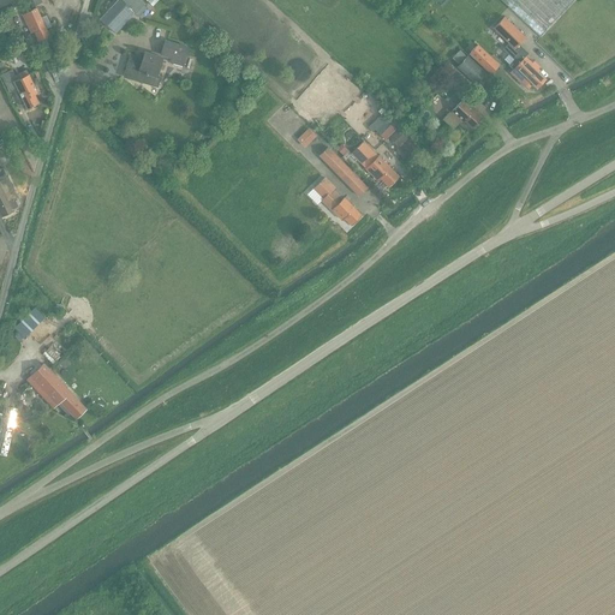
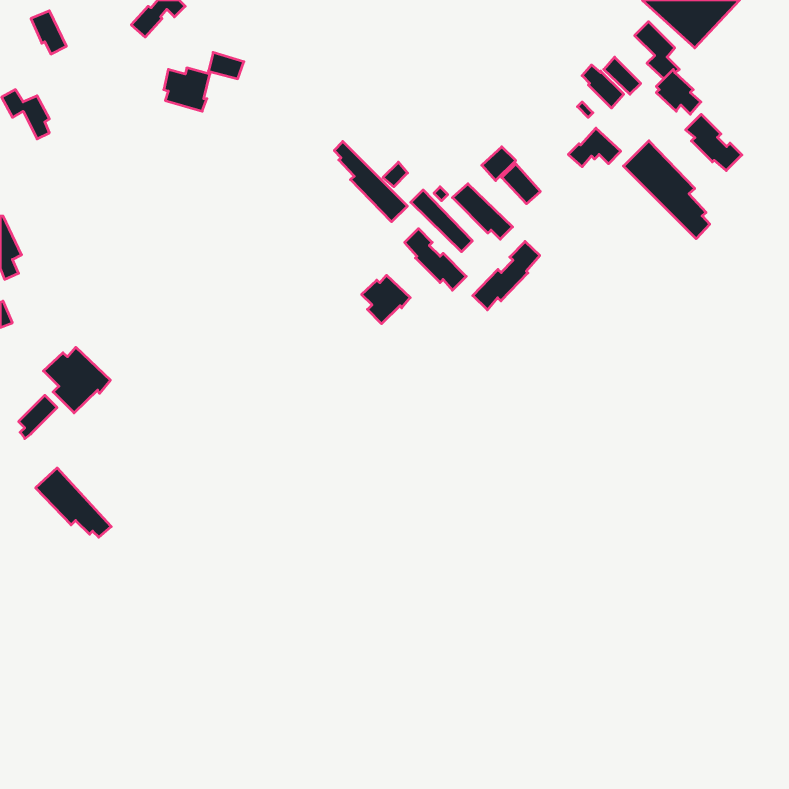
building: none -> [686,114,742,171]
building: none -> [623,141,710,239]
building: none -> [334,141,407,222]
building: none -> [473,241,540,310]
building: none -> [362,275,410,324]
building: none -> [43,347,110,413]

